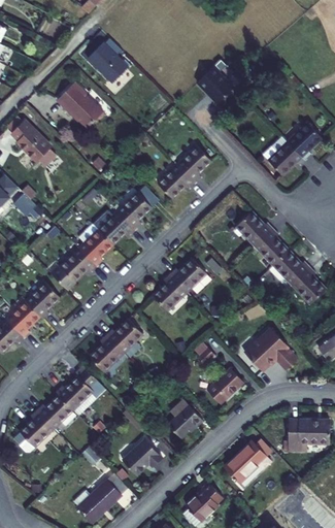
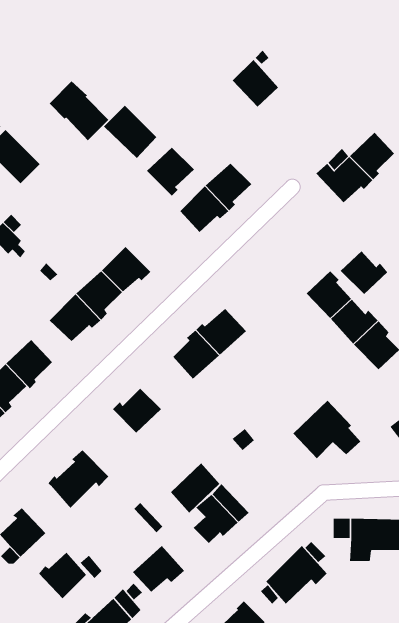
building: [87,41,128,82] -> [103,105,157,159]
building: [115,191,153,229] -> [146,147,195,197]
building: [235,211,272,245] -> [340,250,388,295]
building: [88,334,124,372] -> none
building: [205,366,243,405] -> [170,462,220,514]
building: [36,393,73,429] -> [38,552,87,599]

